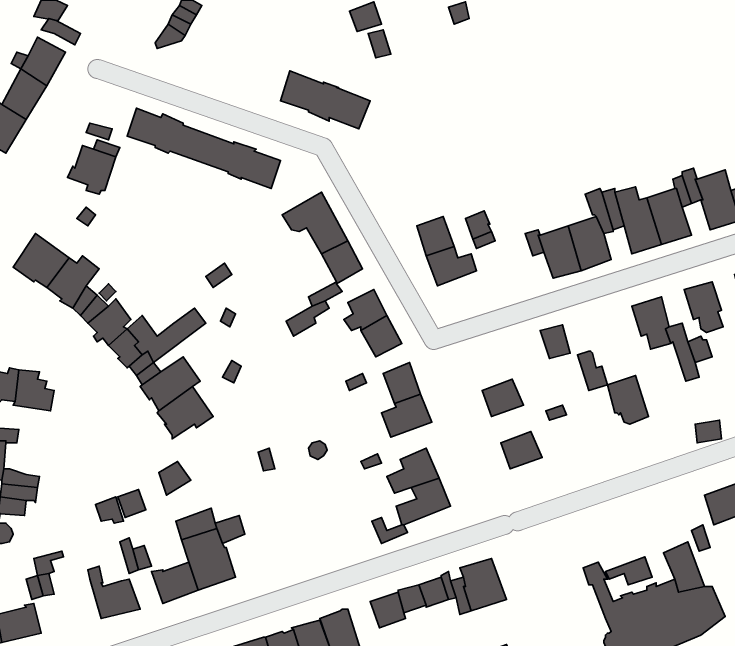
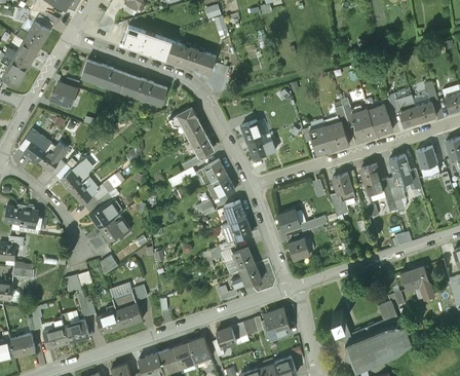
building: none -> [123,27,171,58]
building: [607,375,649,424] -> [332,175,354,201]
building: none -> [42,321,68,348]

